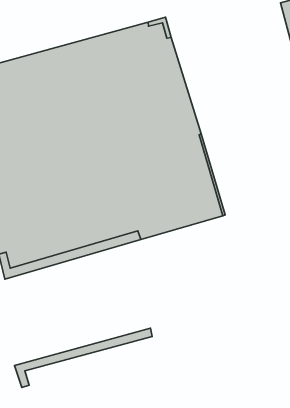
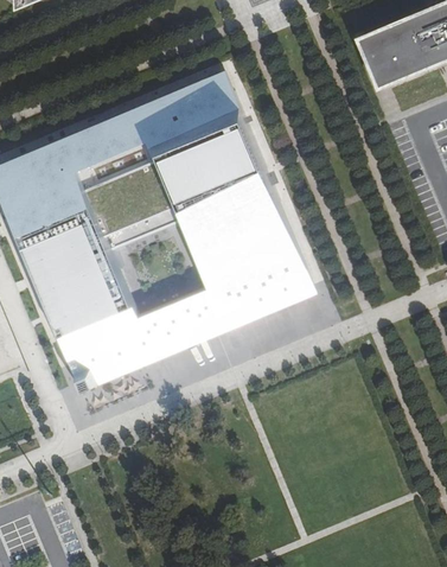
building: [15,328,152,387] -> none

